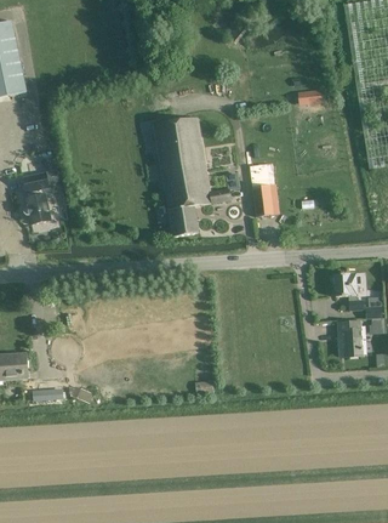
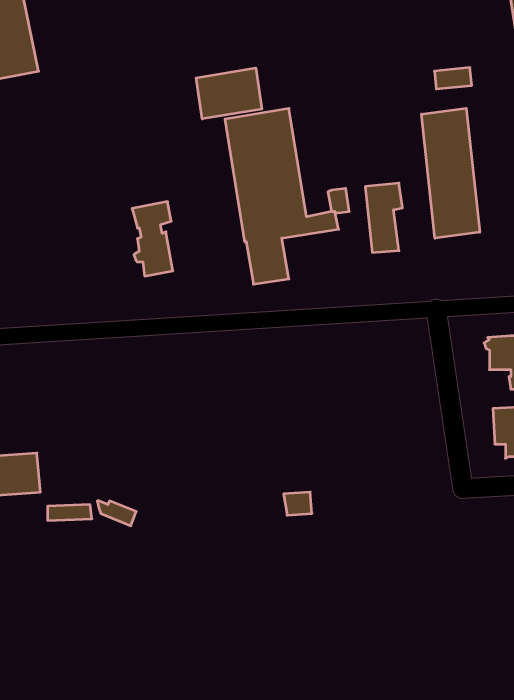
building: none -> [196,68,262,119]
building: none -> [422,108,480,238]
building: [23,172,51,223] -> [132,202,173,276]

